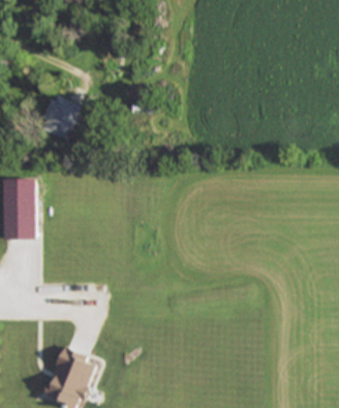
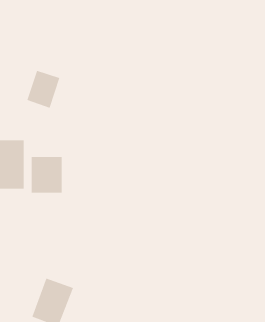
building: none -> [31,156,62,193]

